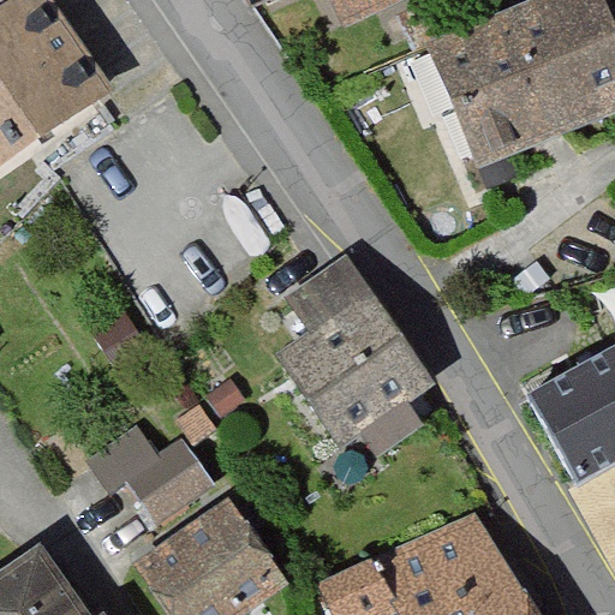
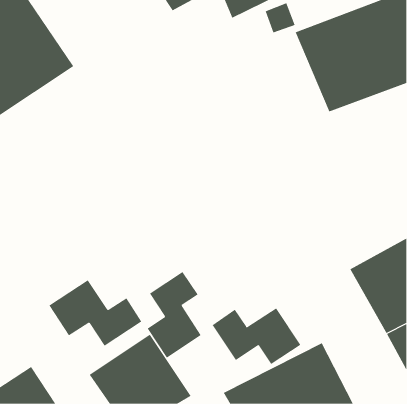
building: [276,238,441,456] -> none
building: none -> [147,271,202,359]
building: none -> [212,308,301,365]

